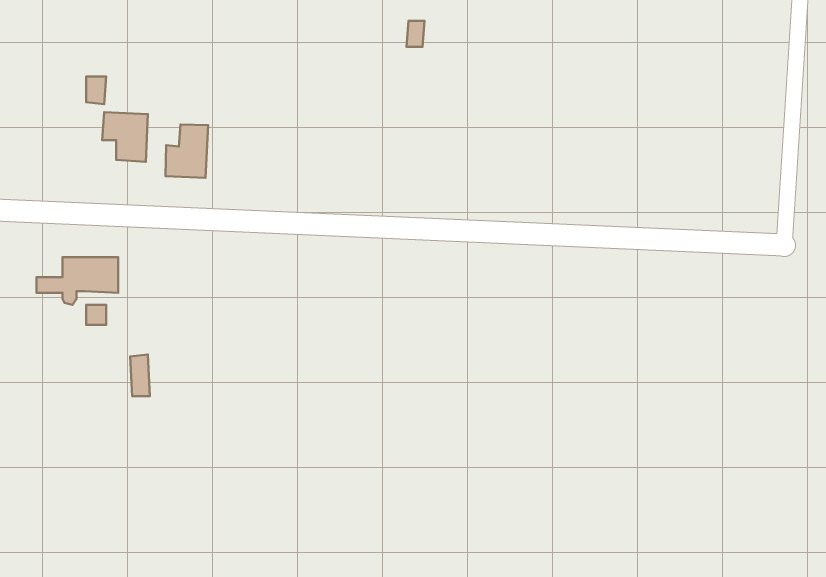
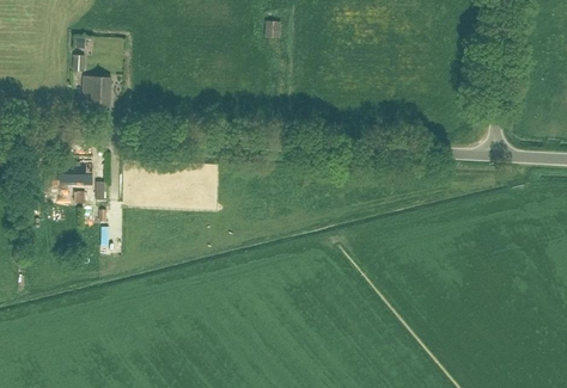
building: [165,124,208,178] -> none

